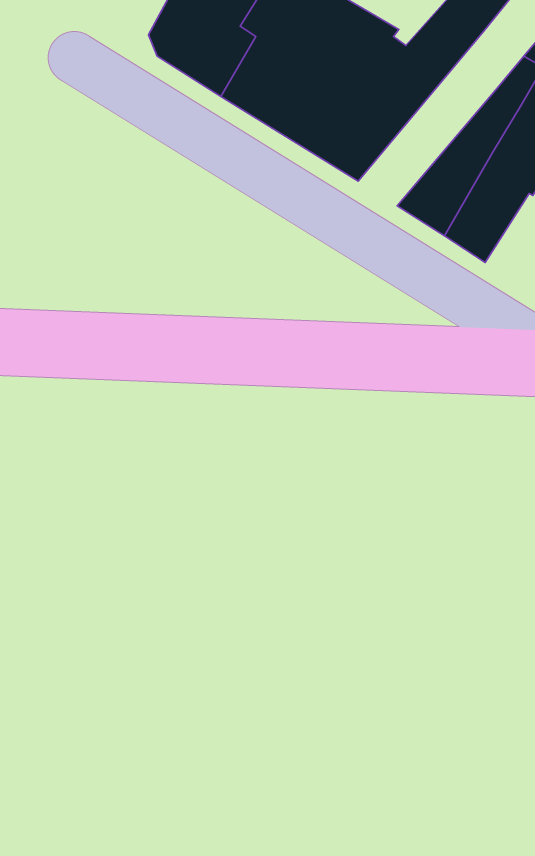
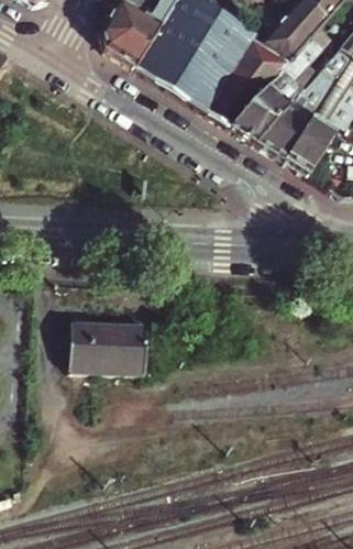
building: none -> [231,31,321,140]
building: none -> [70,320,145,370]

